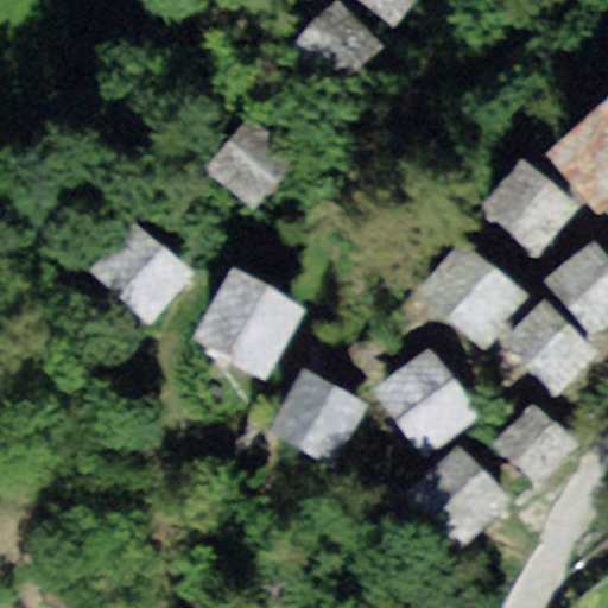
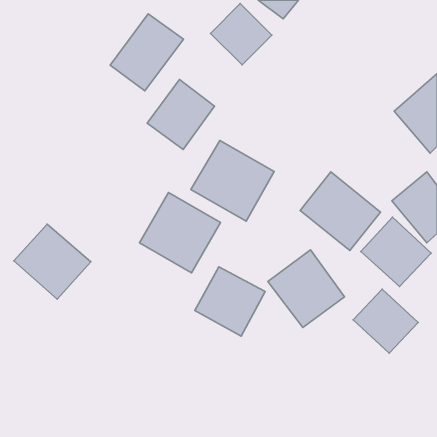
building: none -> [110,14,184,91]
building: [480,160,578,258] -> none
building: none -> [191,141,274,221]
building: [87,217,194,322] -> [14,224,91,299]
building: [406,448,512,552] -> none

